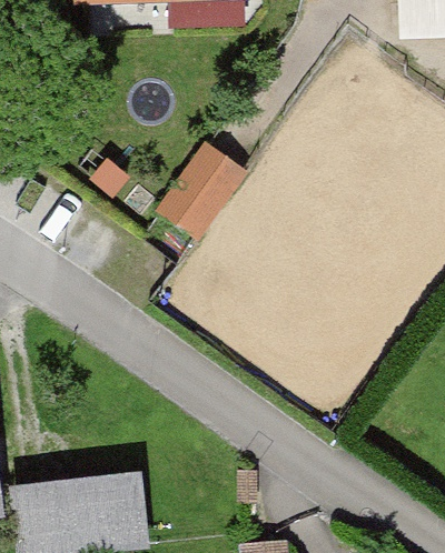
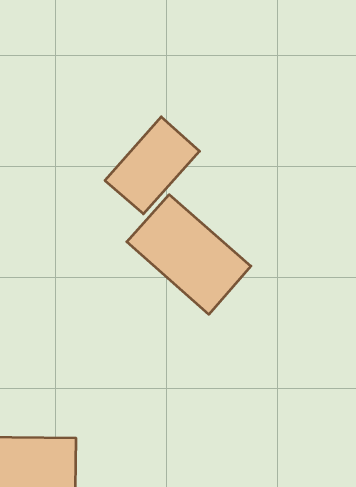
building: none -> [127,195,251,314]

